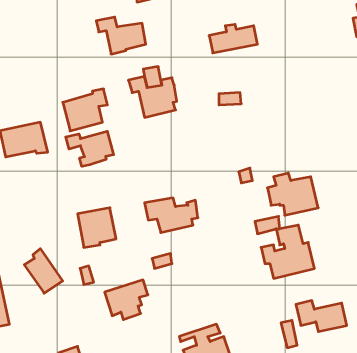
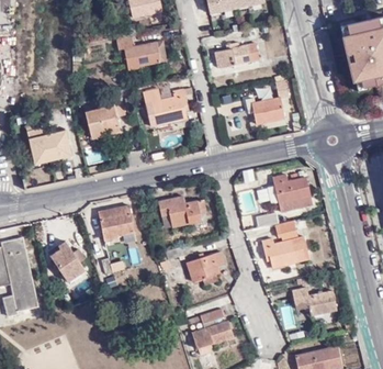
building: none -> [246,80,288,124]
building: [66,131,114,166] -> none
building: [105,280,148,320] -> [185,251,224,287]

